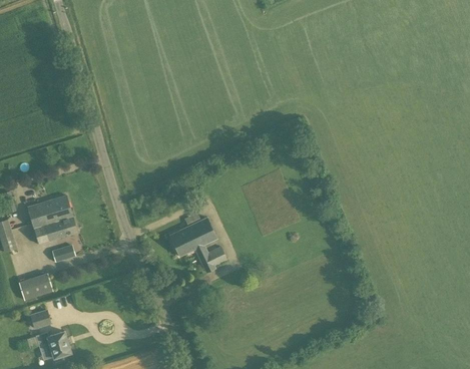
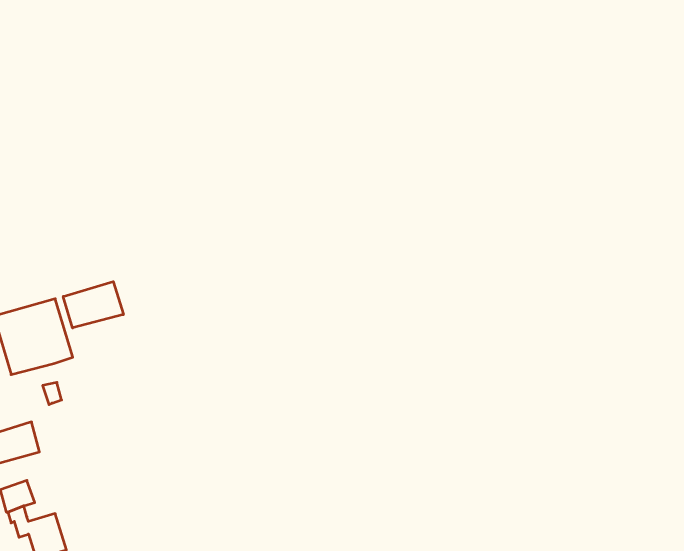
building: none -> [63,282,123,328]
building: [169,218,225,273] -> none

